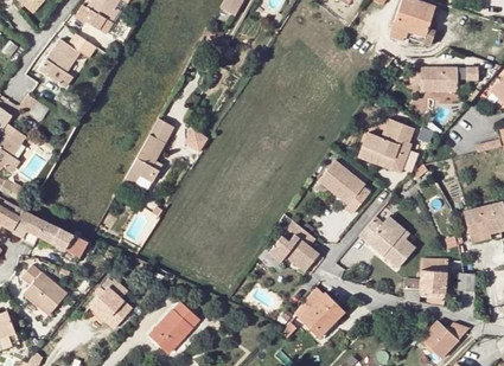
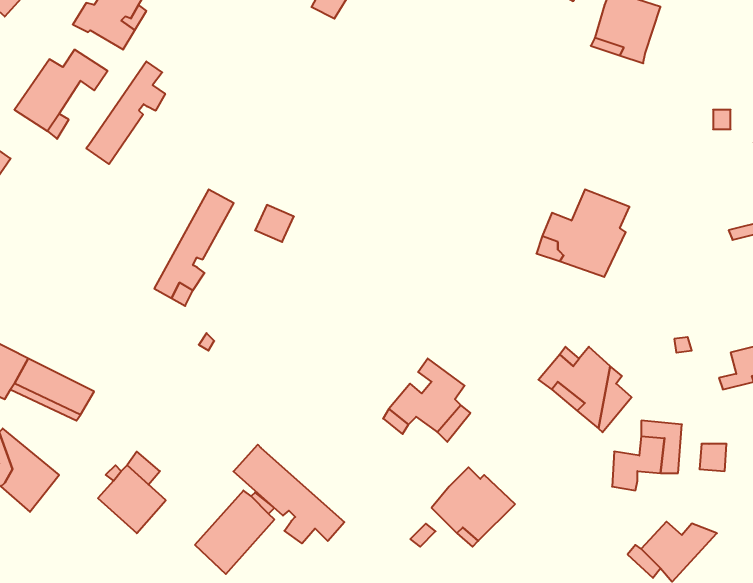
building: none -> [86,61,165,164]
building: [409,70,457,94] -> none
building: [318,162,369,216] -> none
building: none -> [233,445,344,543]

